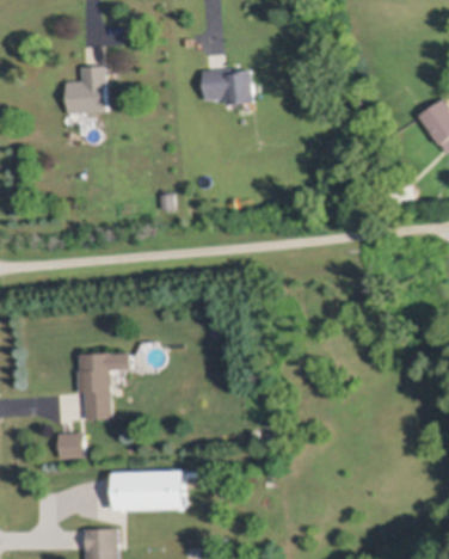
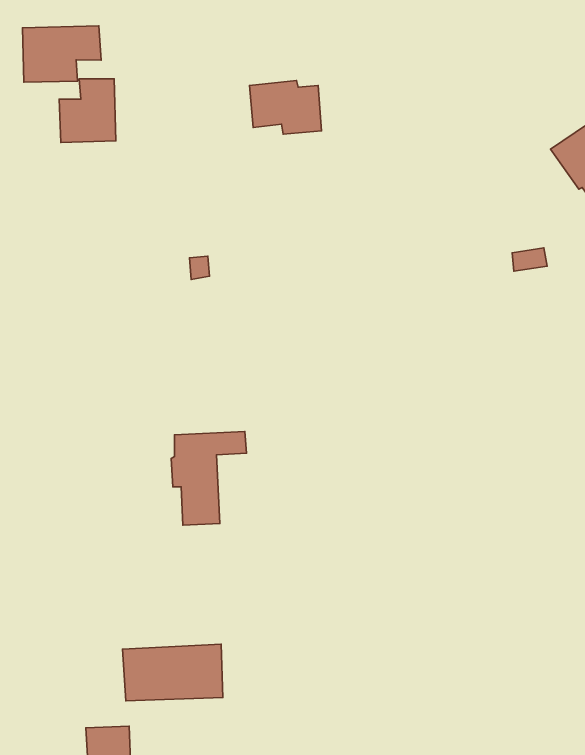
building: none -> [22,26,101,82]
building: [76,354,130,420] -> [171,432,246,525]
building: [55,434,81,460] -> none

